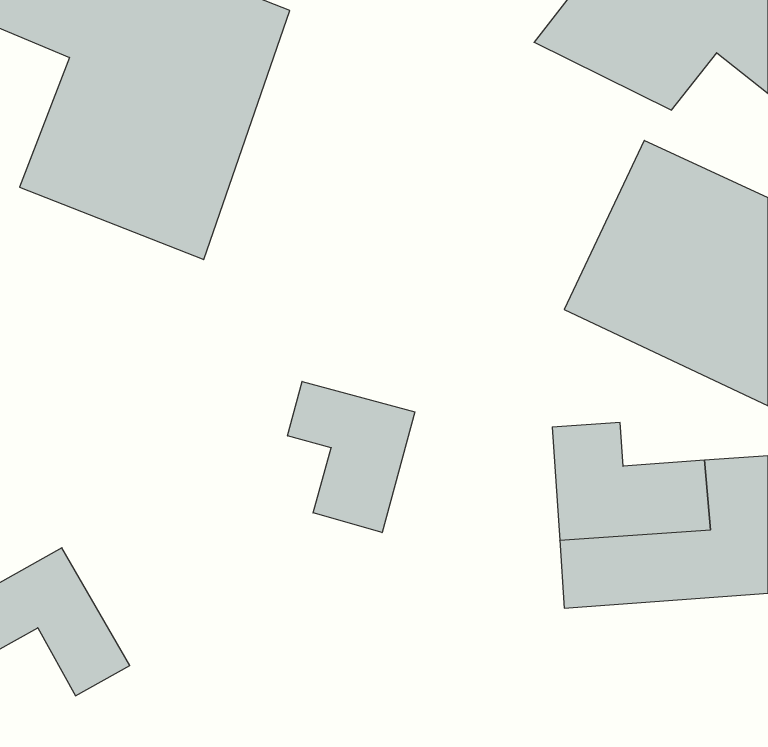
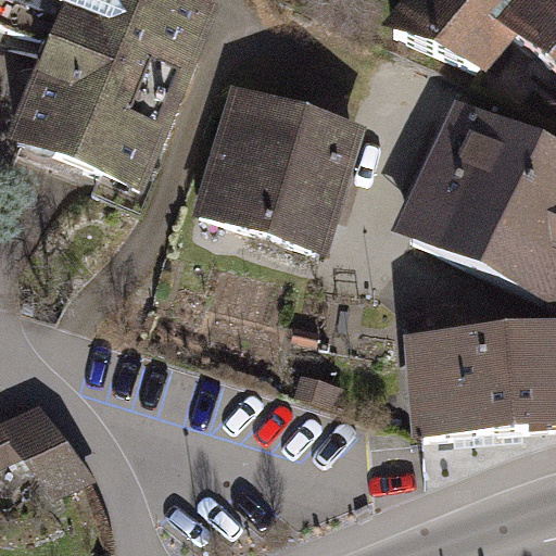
building: none -> [197,88,365,260]
building: [288,381,415,533] -> none

